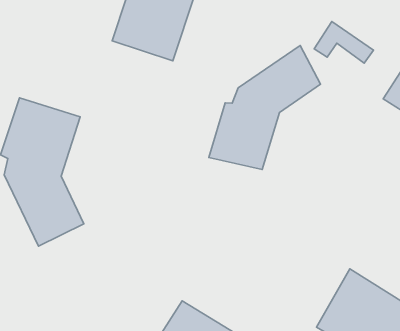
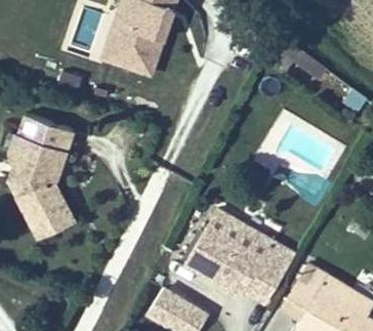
building: [209,45,321,169] -> none
building: none -> [186,211,293,302]

